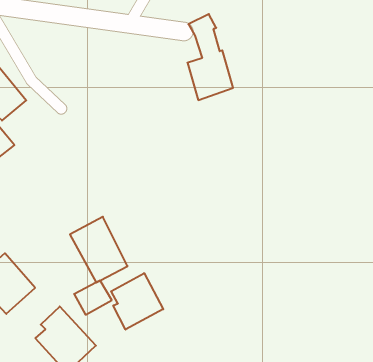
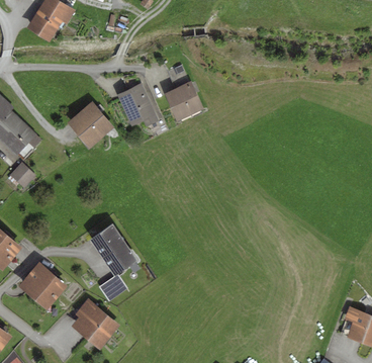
building: none -> [117,75,159,126]
building: none -> [67,101,114,149]
building: [111,273,163,330] -> none

